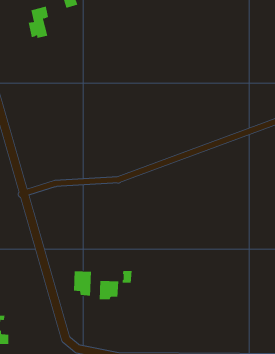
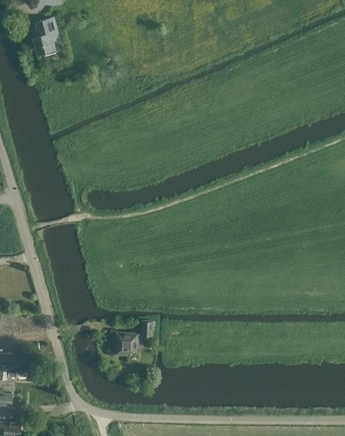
building: [73,271,92,297] -> none

